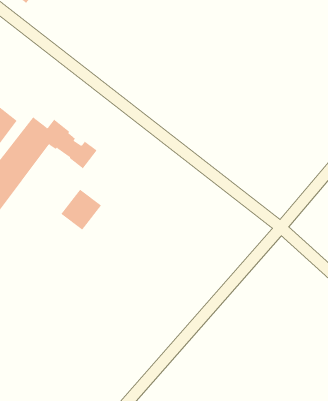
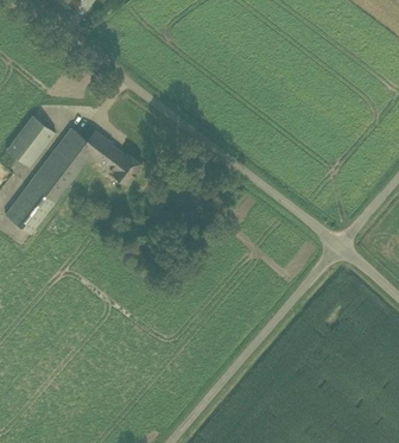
building: [60,189,102,231] -> none

